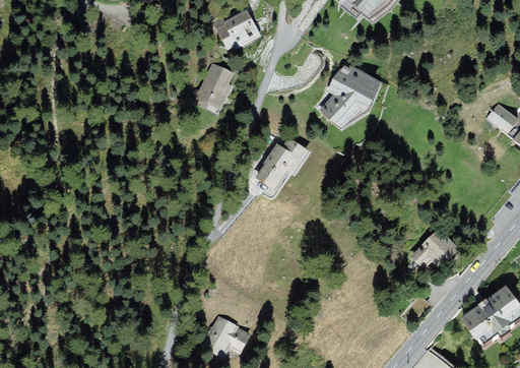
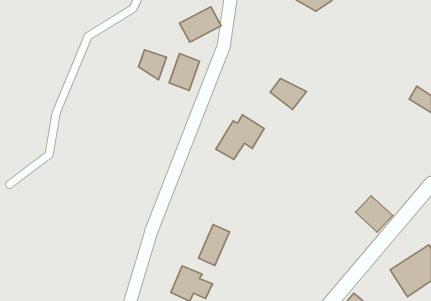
building: none -> [138,50,166,80]
building: [328,62,386,112] -> none
building: none -> [198,224,229,266]

